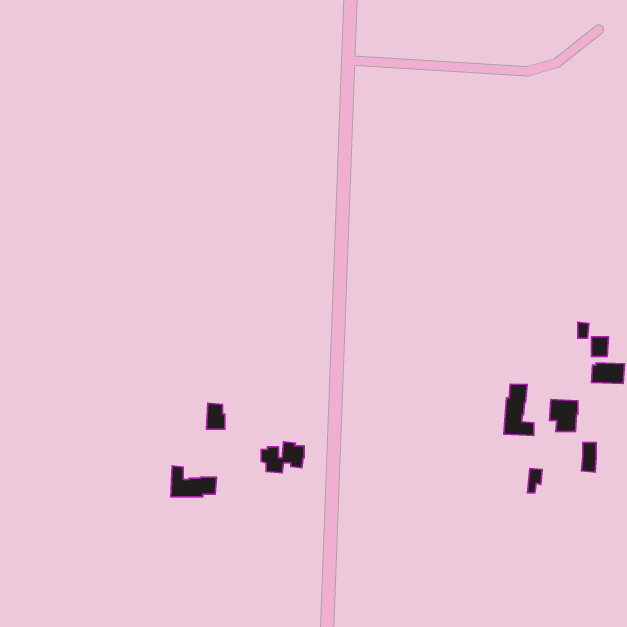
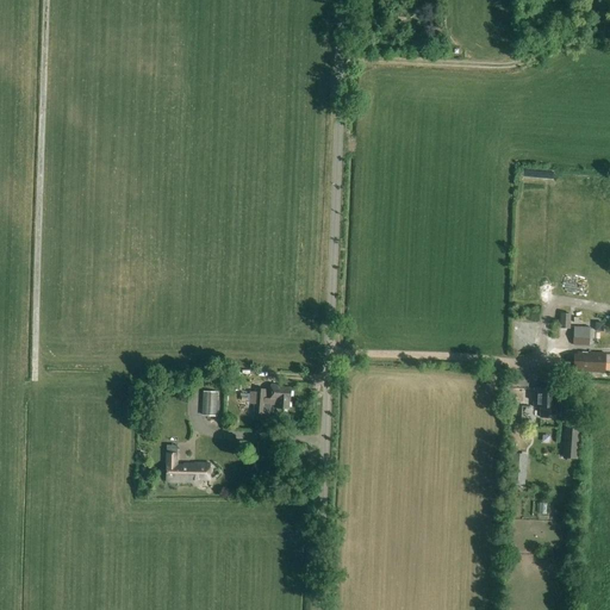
building: [504,384,534,436] -> none
building: [261,442,304,473] -> [250,384,292,413]

